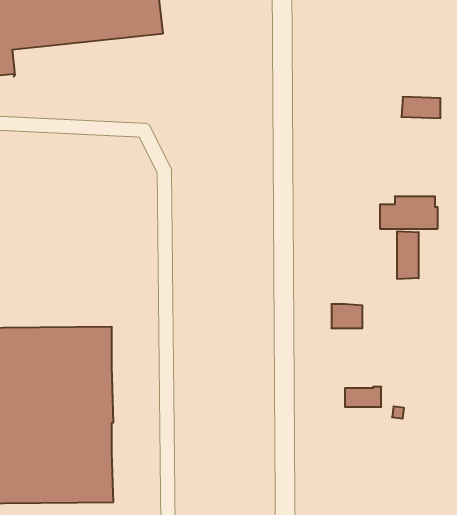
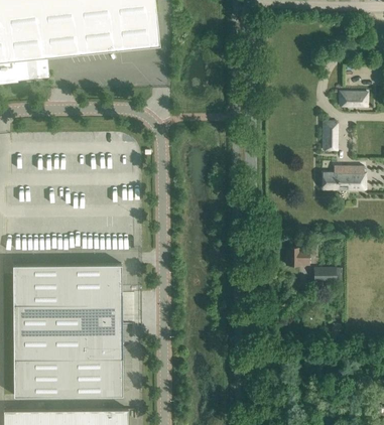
building: none -> [322,121,337,149]
building: [397,231,419,279] -> none
building: [345,387,381,407] -> [314,267,342,282]

